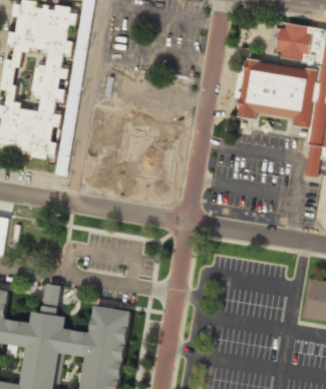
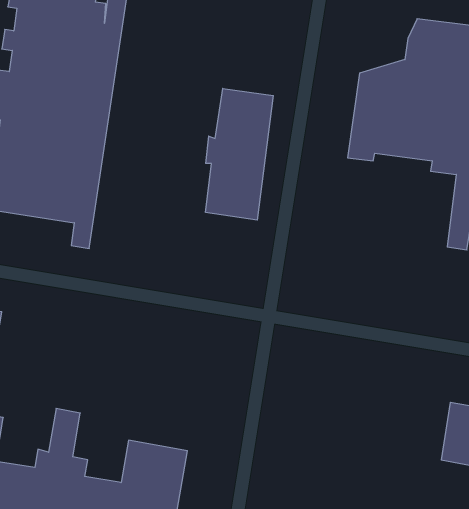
building: none -> [206,88,273,220]

